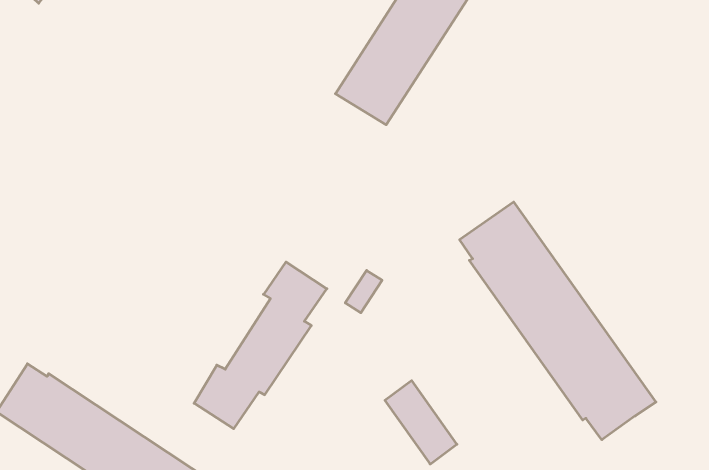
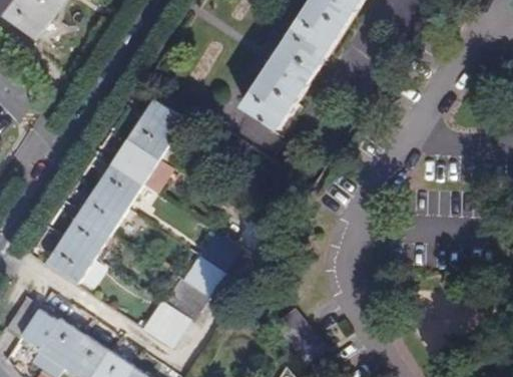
building: none -> [46,98,187,282]
building: [460,202,656,440] -> none

